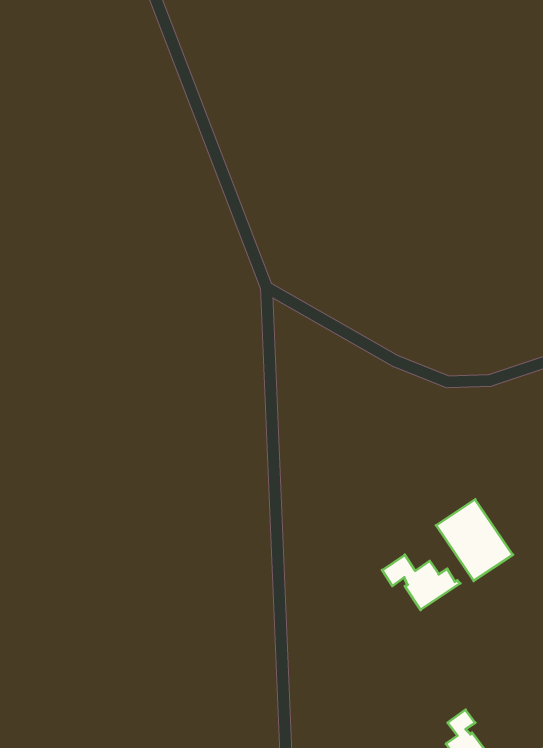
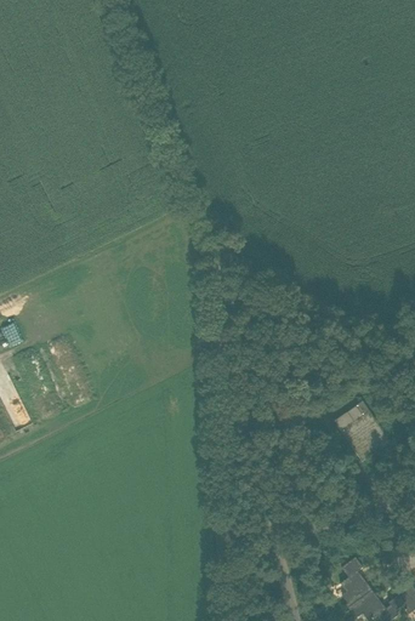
building: [382,555,460,610] -> none

